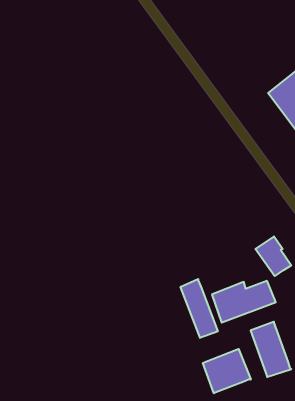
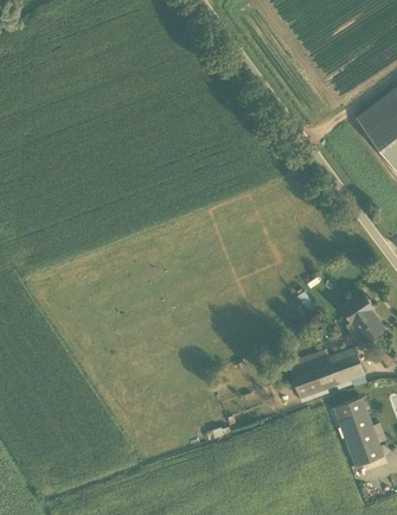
building: [181,279,218,338] -> none
building: [203,349,251,393] -> none

